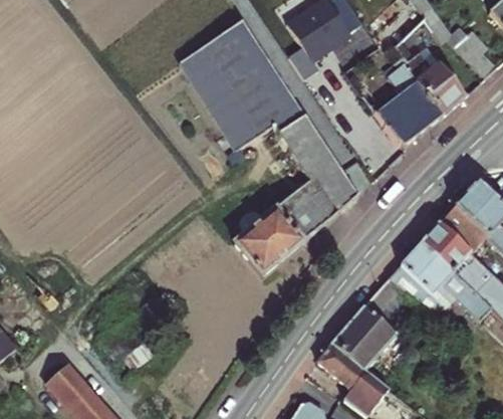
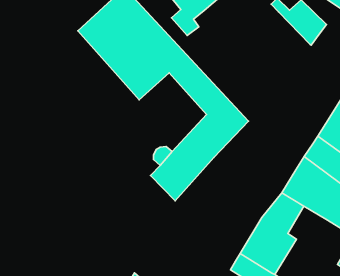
building: [371,70,445,145] -> none

